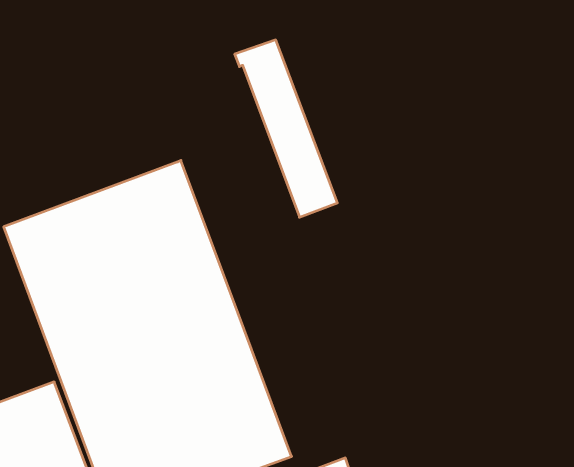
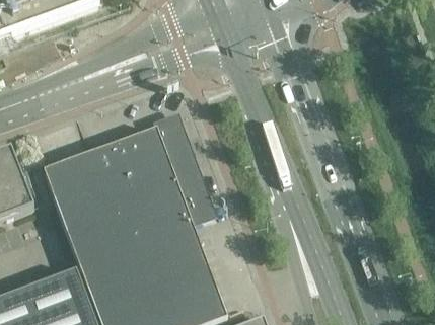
building: [235,40,337,217] -> [150,108,216,222]

